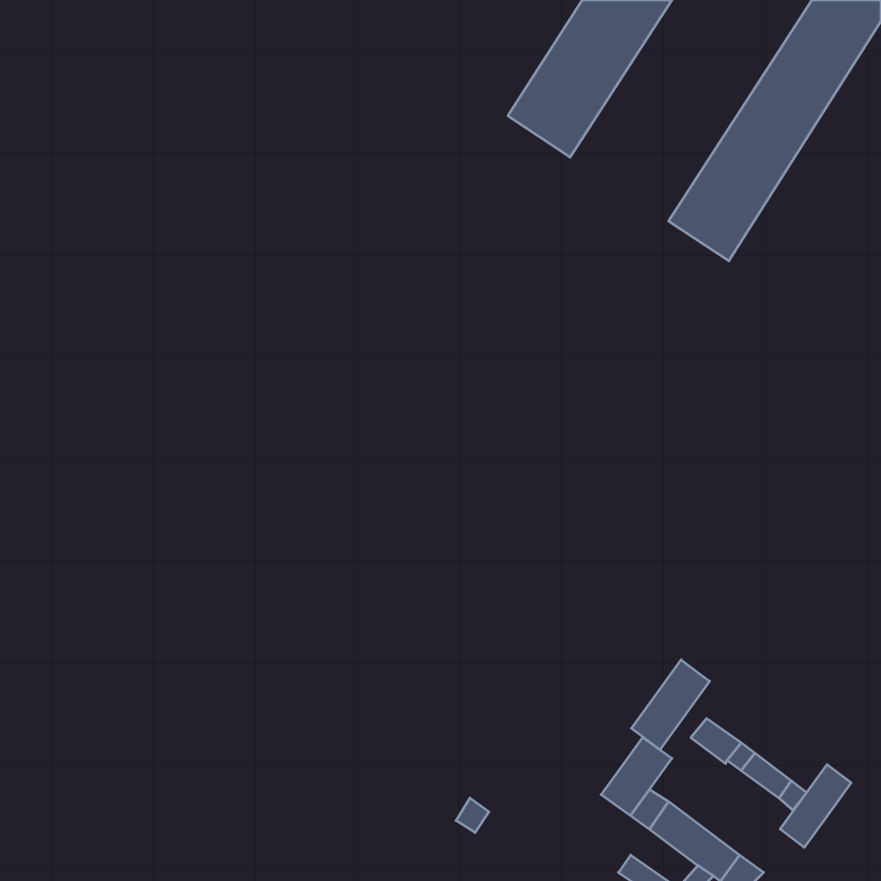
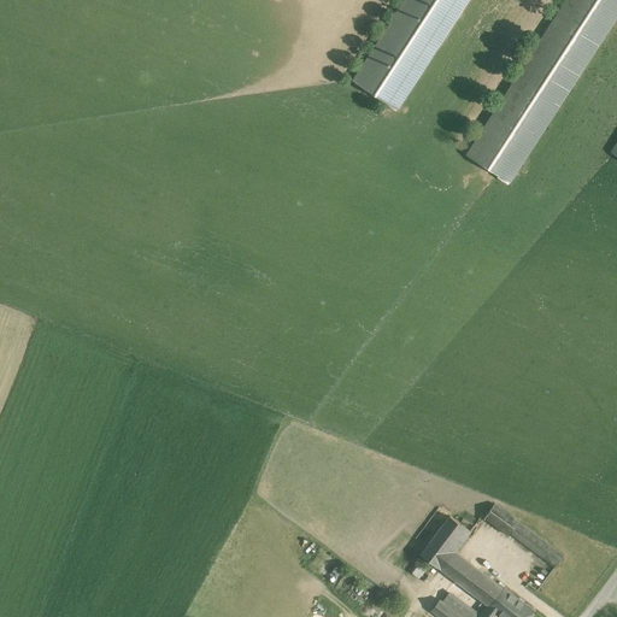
building: [631,660,710,750] -> none
building: [780,765,851,847] -> none

